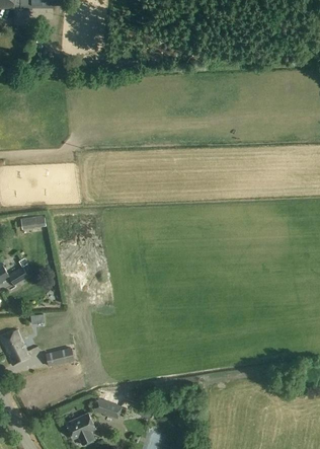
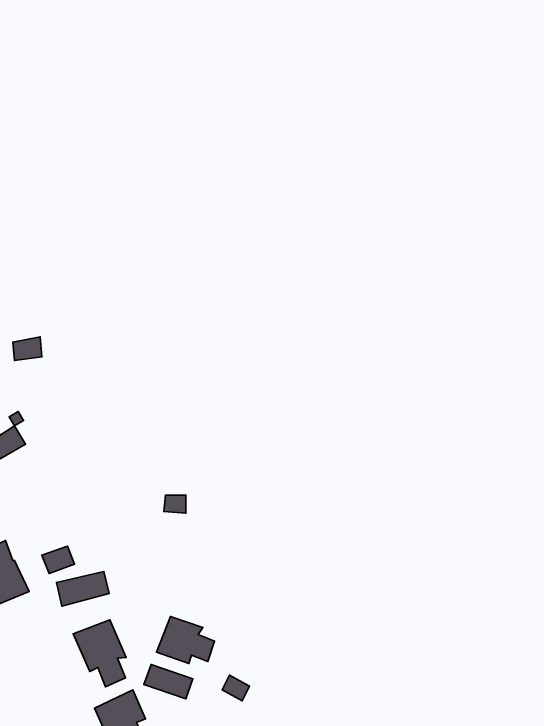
building: none -> [156,616,214,664]
building: none -> [73,620,126,687]

